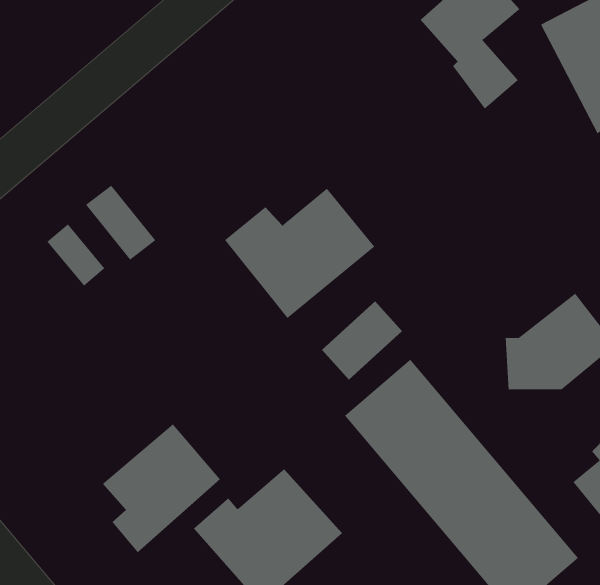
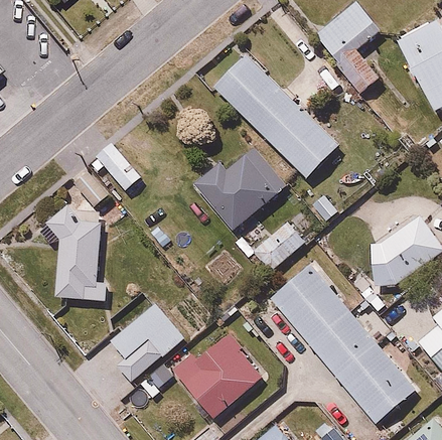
building: none -> [213,54,337,182]
building: none -> [47,195,111,301]

